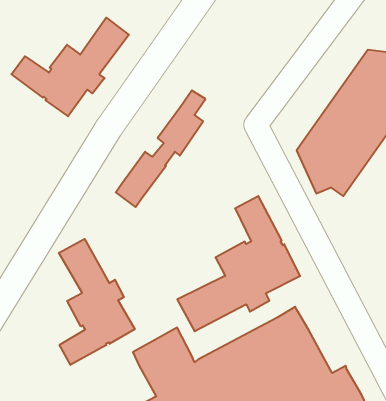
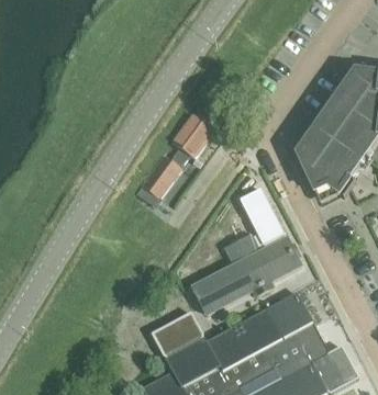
building: [11,18,129,116] -> none
building: [59,239,135,365] -> none

